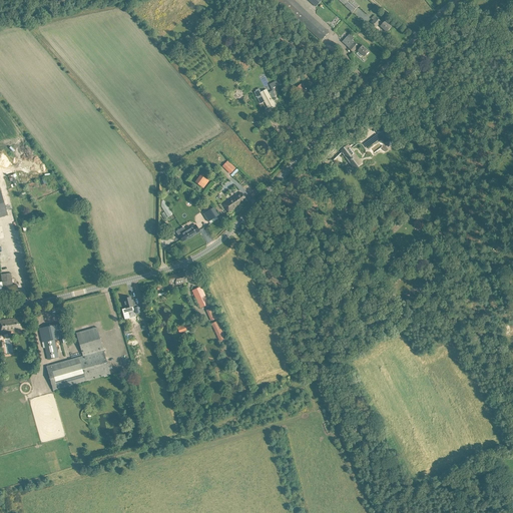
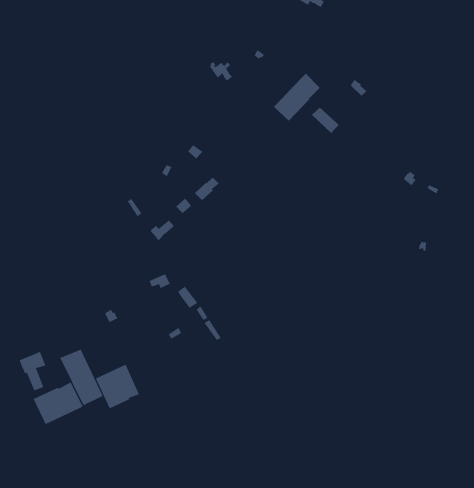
building: none -> [273,55,324,122]
building: none -> [95,356,143,409]

